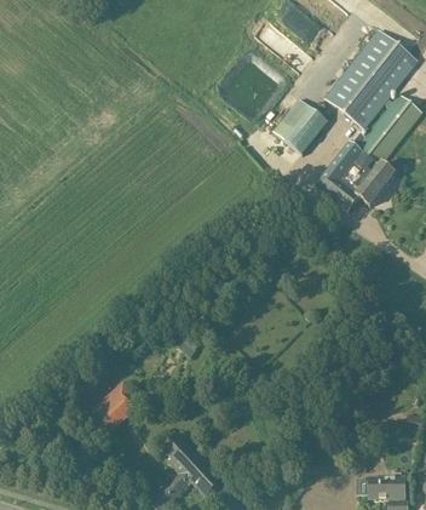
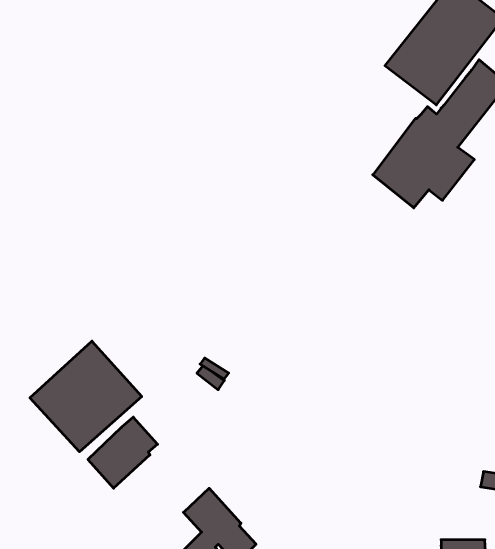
building: [272,98,329,155] -> none
building: none -> [30,341,142,452]

